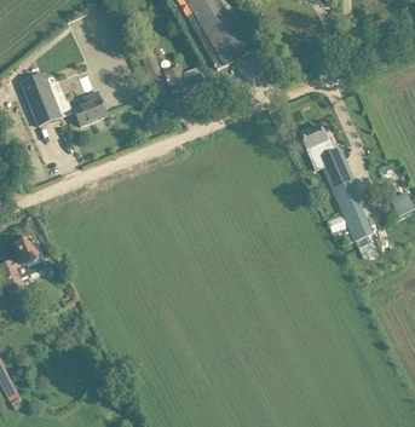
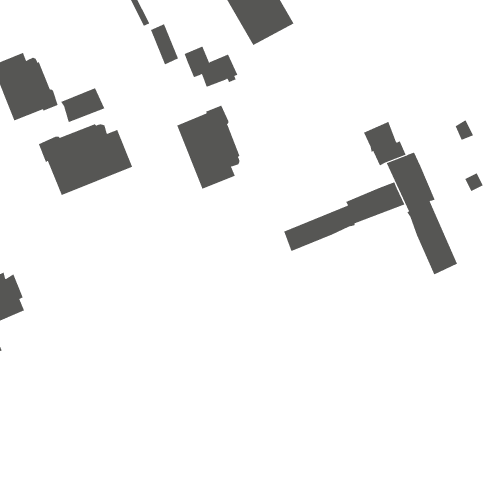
building: none -> [176,105,240,190]
building: none -> [38,123,133,196]
building: none -> [283,181,405,252]

